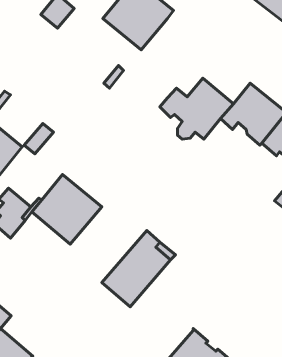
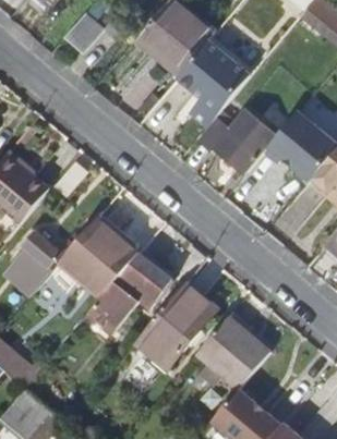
building: none -> [177,42,252,131]
building: none -> [83,252,169,334]
building: none -> [194,315,268,389]

